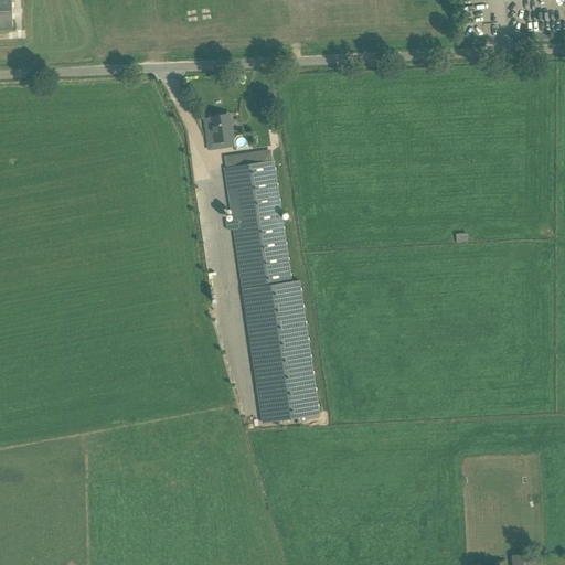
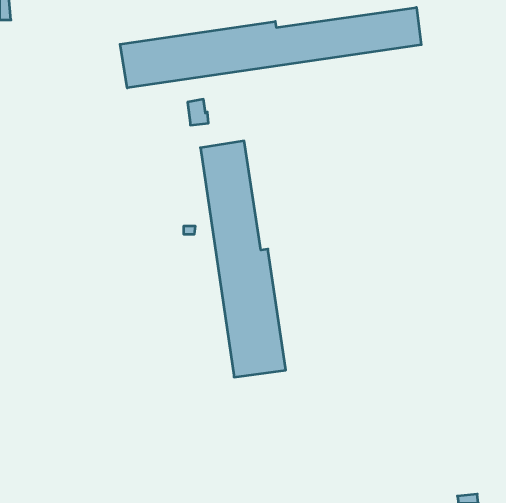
building: none -> [120,7,421,88]

